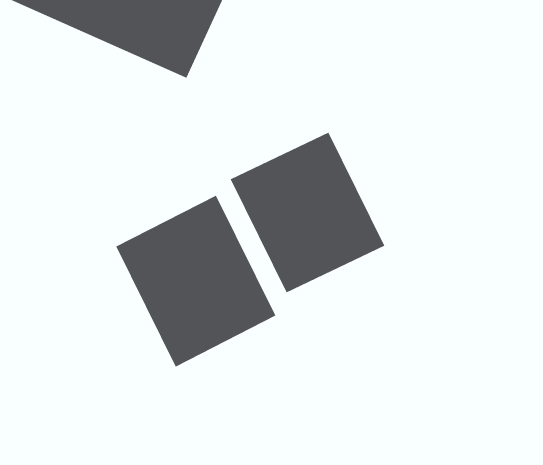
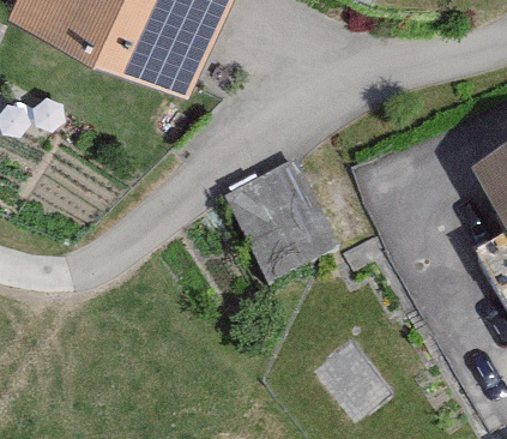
building: [116,195,276,367] -> none

